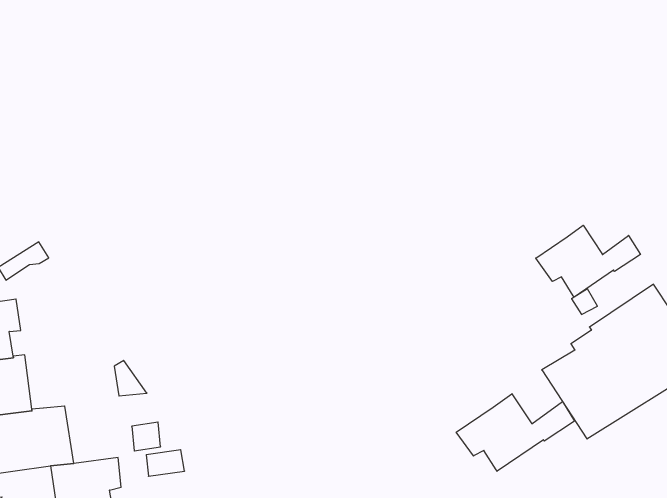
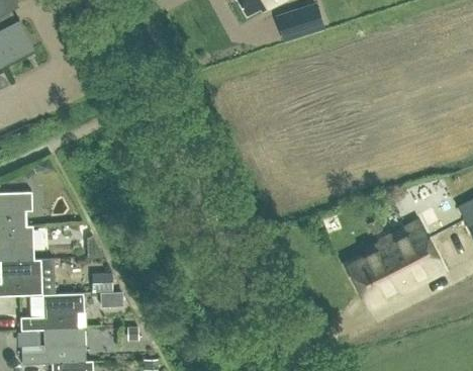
building: [536,225,640,297] -> none
building: [456,394,575,471] -> none

